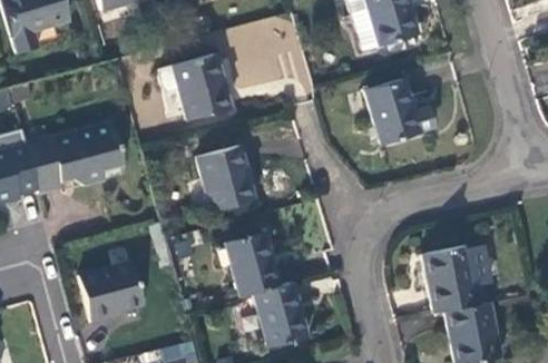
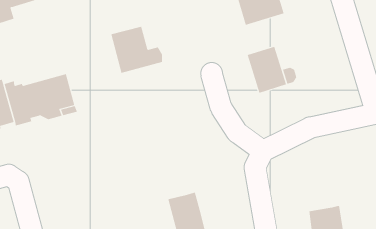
building: [197,147,254,212] -> none
building: [223,234,276,298] -> none
building: [428,246,495,312] -> none
building: [79,257,145,320] -> none

